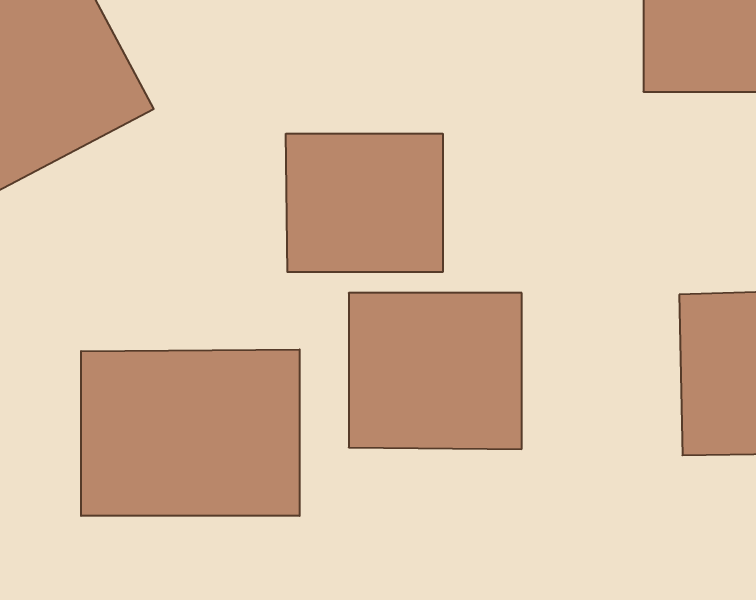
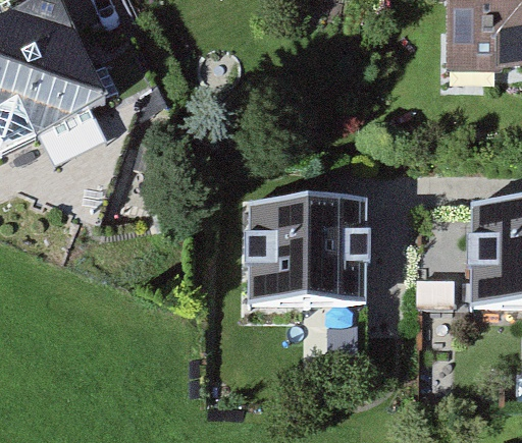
building: [286,134,443,272] -> none
building: [81,349,300,516] -> none

